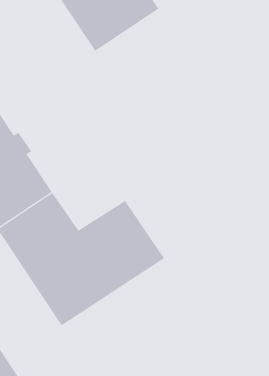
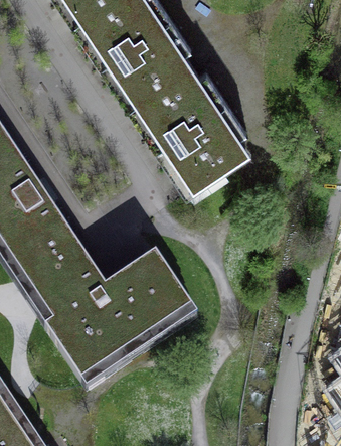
building: none -> [124,48,248,187]

